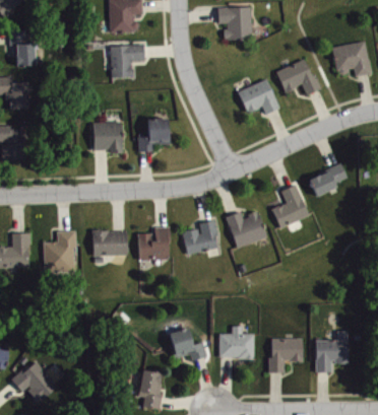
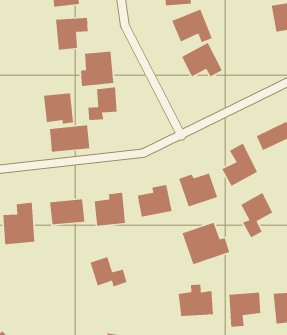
building: [276,59,318,94] -> [171,9,213,43]
building: none -> [80,51,114,87]
building: none -> [49,124,90,153]
building: none -> [240,192,273,238]
building: none -> [181,222,230,265]
building: [169,328,206,360] -> [90,256,127,287]

